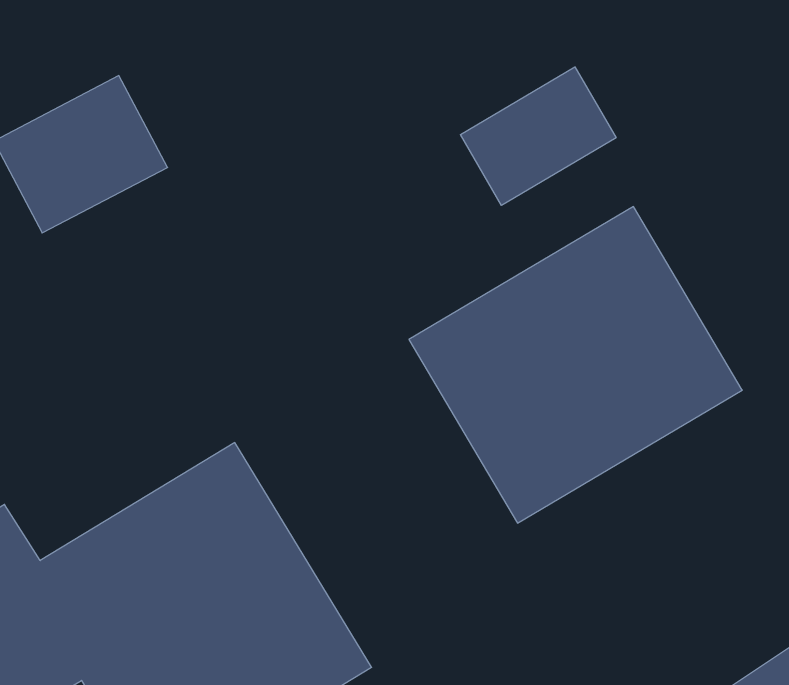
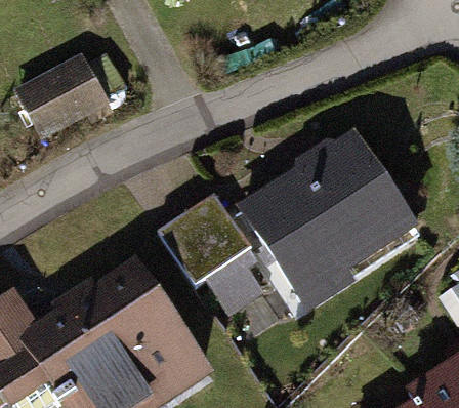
building: [460,67,616,205] -> none
building: none -> [166,185,284,312]

